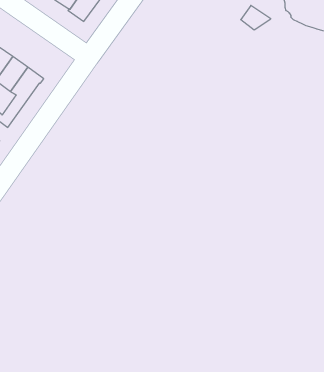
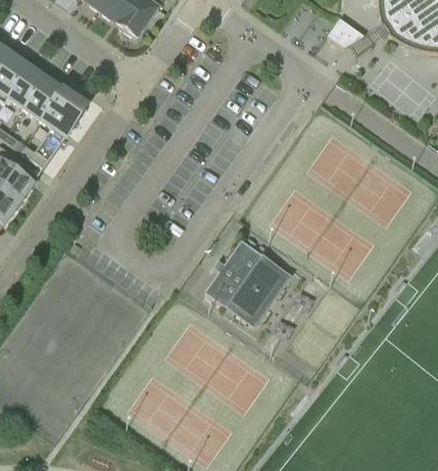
building: none -> [206,239,283,316]

